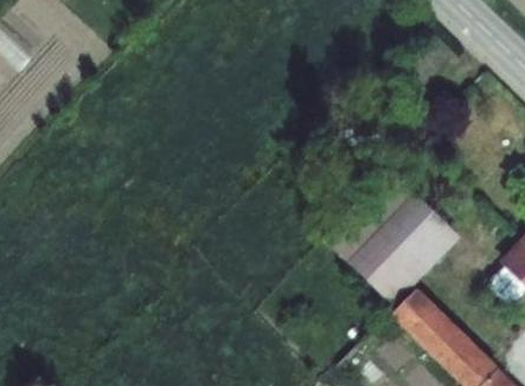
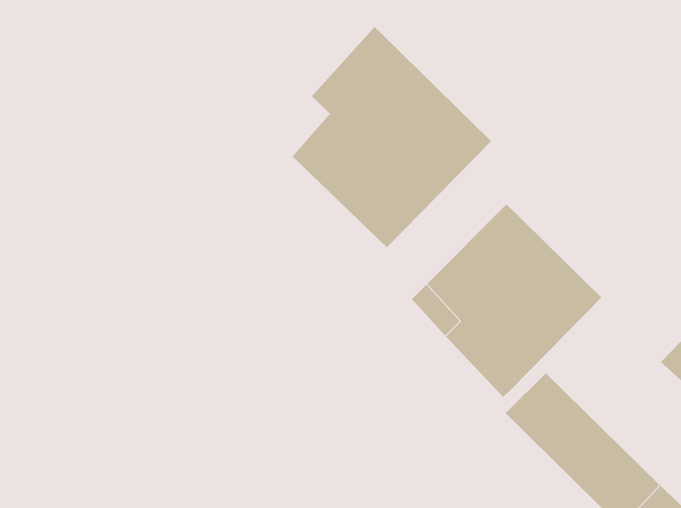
building: none -> [292,26,492,248]

